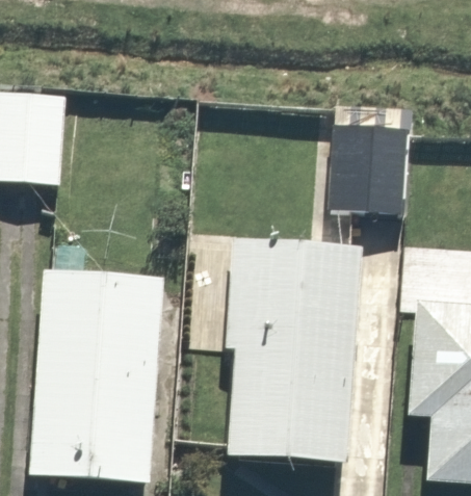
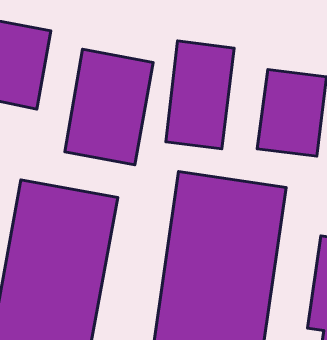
building: none -> [166,41,234,149]
building: none -> [65,49,153,165]

